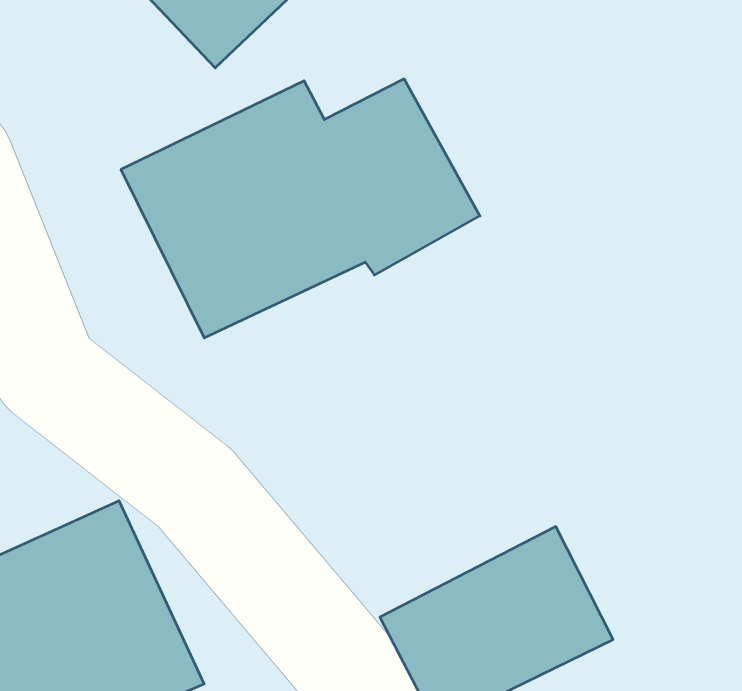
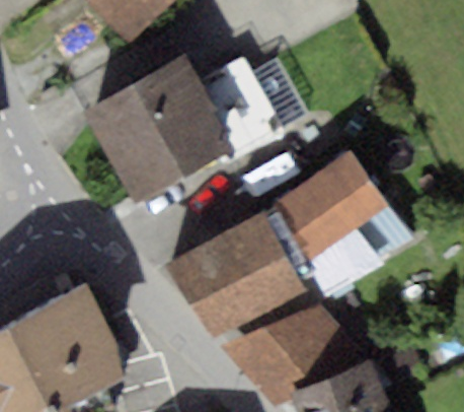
building: none -> [268,152,386,263]
building: none -> [175,212,300,331]

